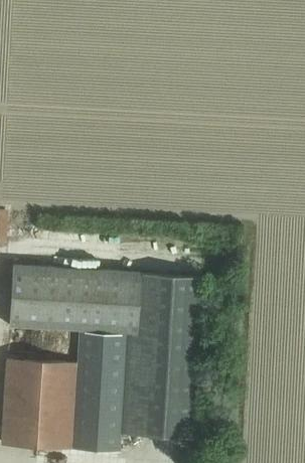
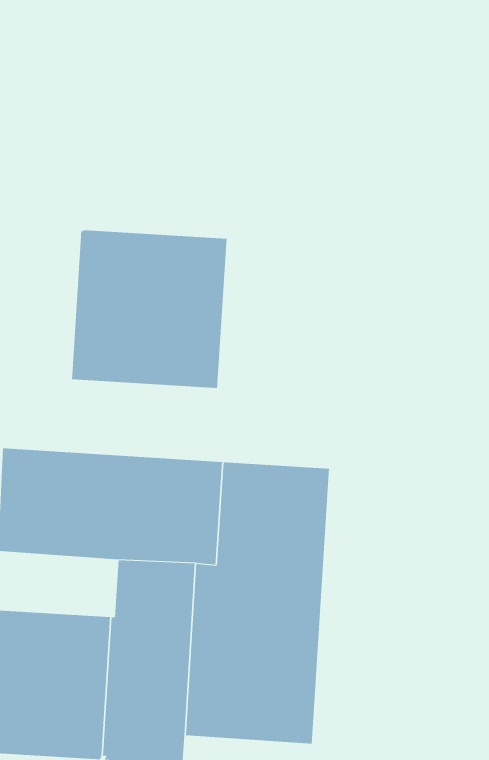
building: none -> [71,230,227,389]

